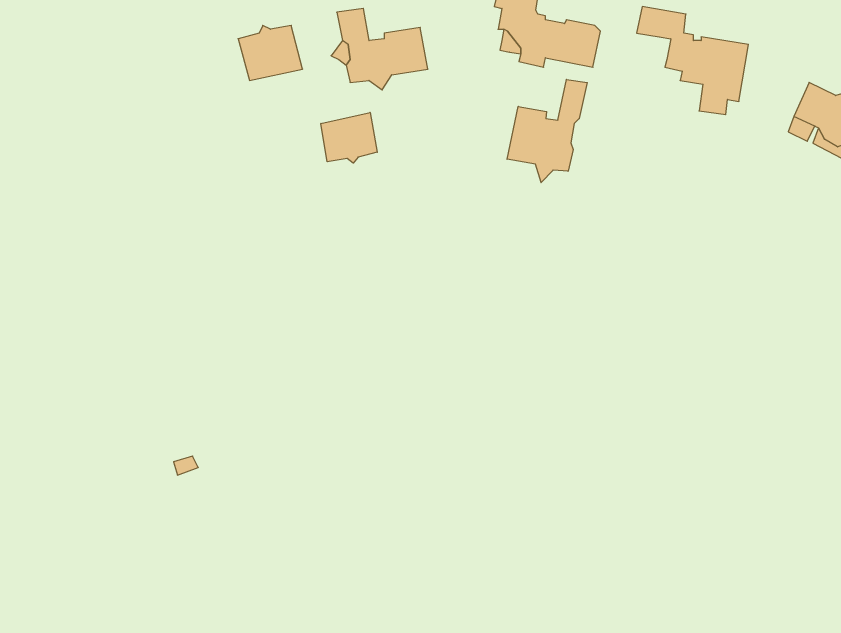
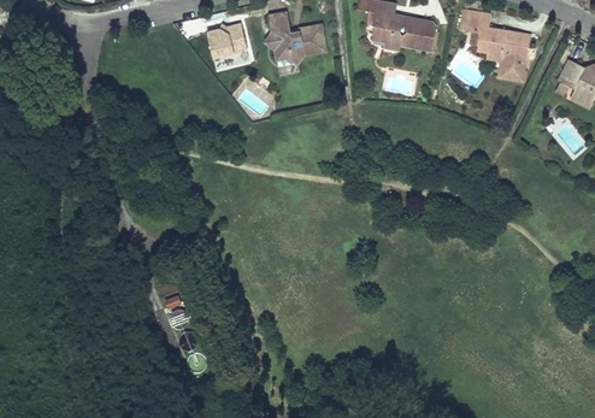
building: [507,79,587,183] -> none
building: [321,112,377,163] -> none

